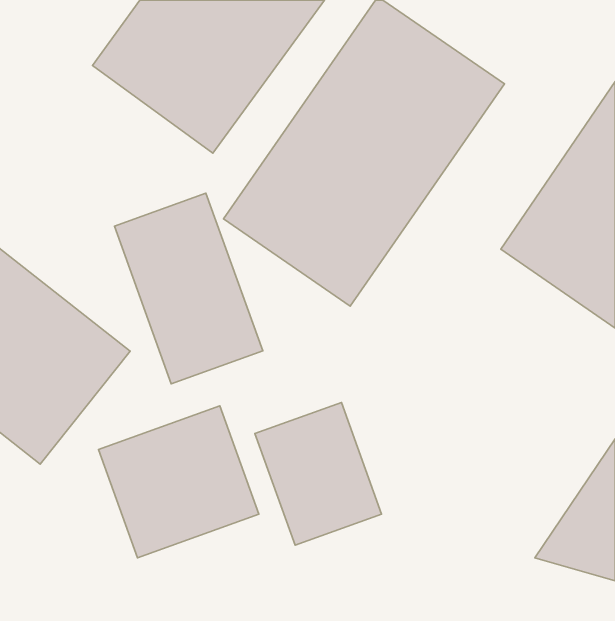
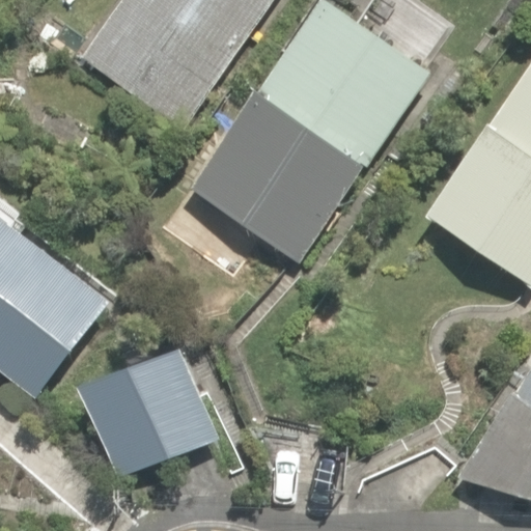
building: [114,193,263,384] -> none
building: [255,402,382,545] -> none

